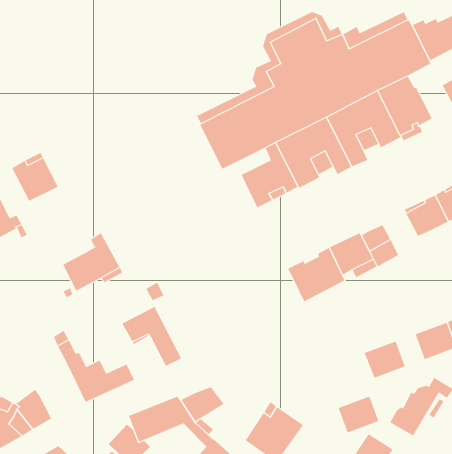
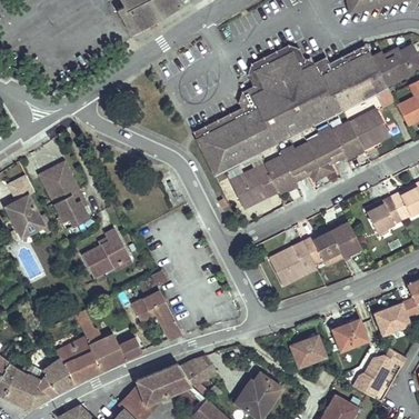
building: none -> [54,191,89,227]
building: none -> [57,338,101,383]
building: [338,396,379,433] -> [290,336,325,367]

